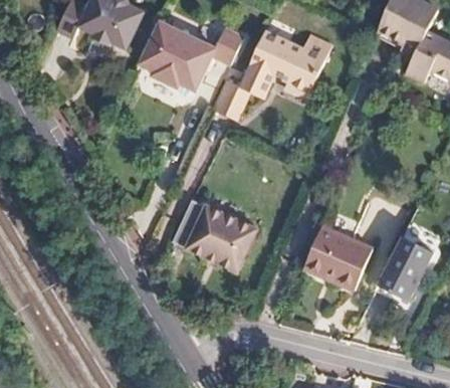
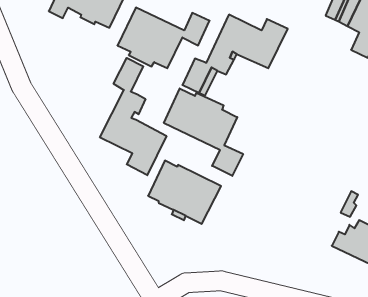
building: none -> [100,58,166,175]
building: none -> [164,88,243,176]
building: [309,226,374,288] -> none

